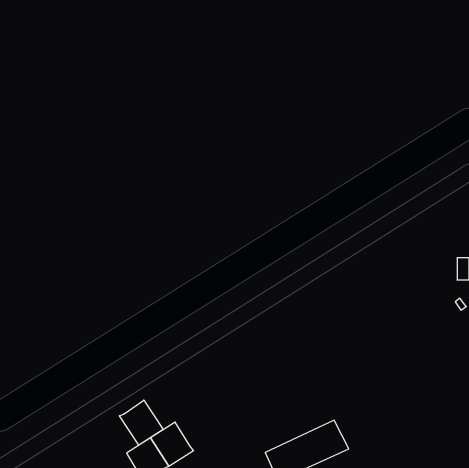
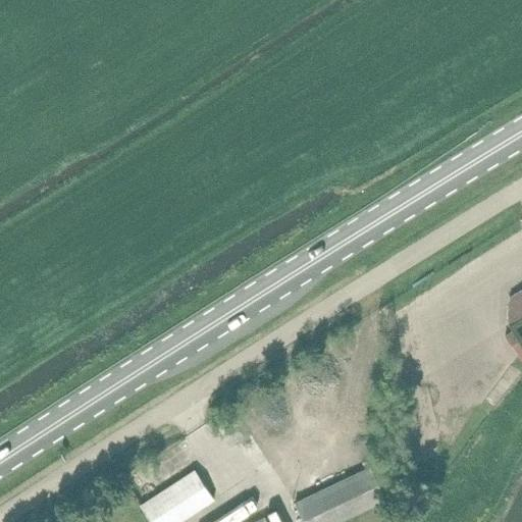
building: [119,400,163,445] -> none

